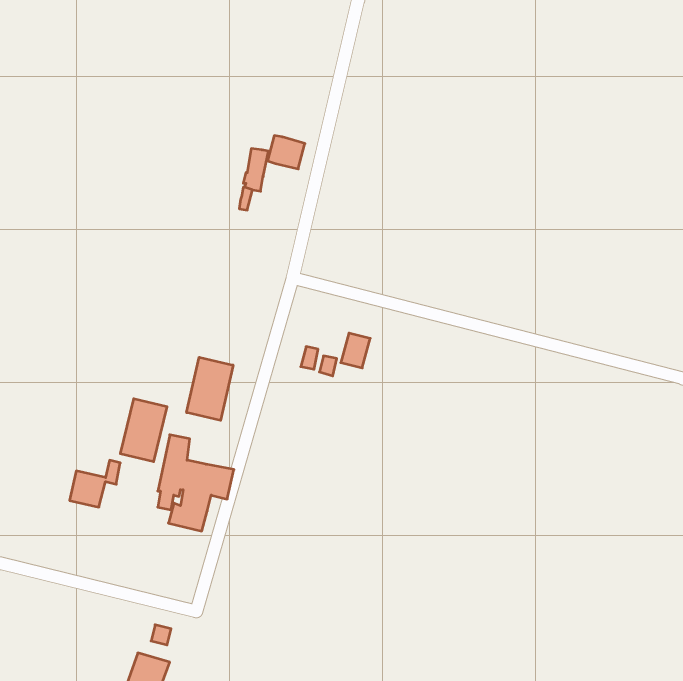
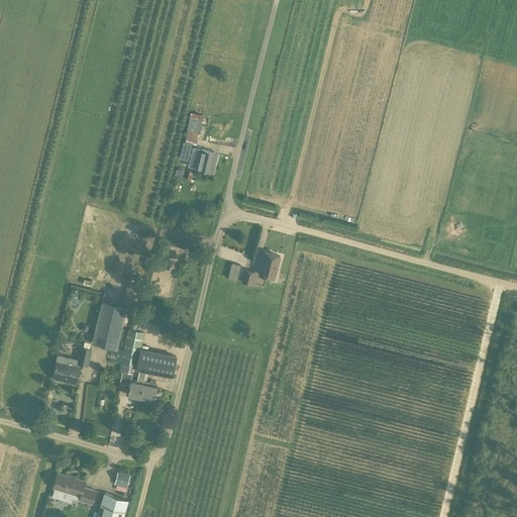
building: [268,136,305,169] -> [190,149,218,175]
building: [187,357,233,420] -> none
building: none -> [53,474,96,505]

